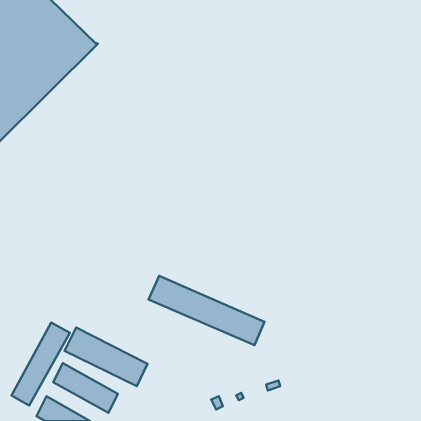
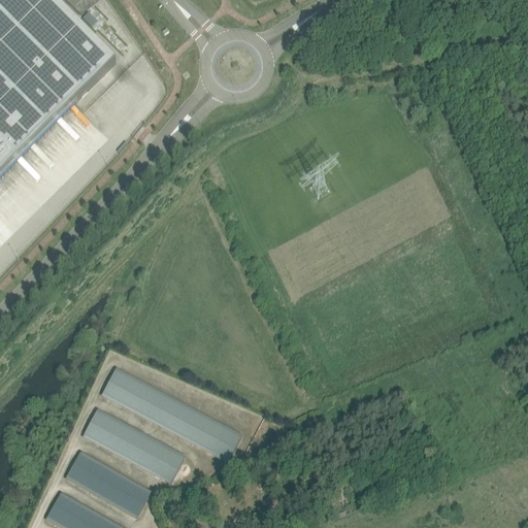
building: [149,276,265,345] -> [98,370,242,457]
building: [11,323,70,406] -> none

